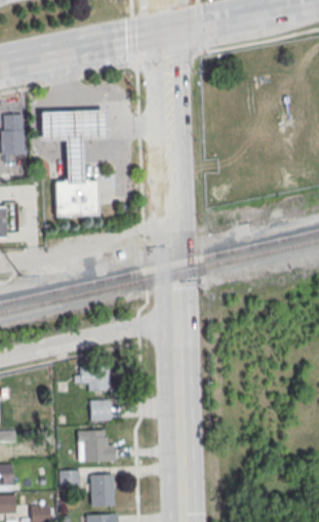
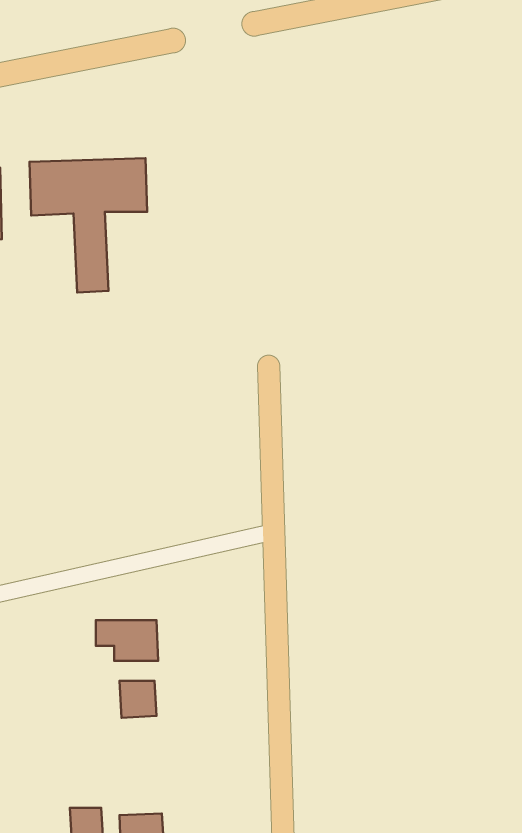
building: [54,178,98,216] -> none
building: [83,430,109,463] -> none

